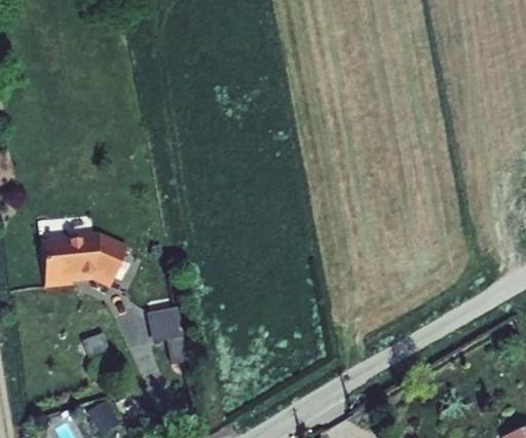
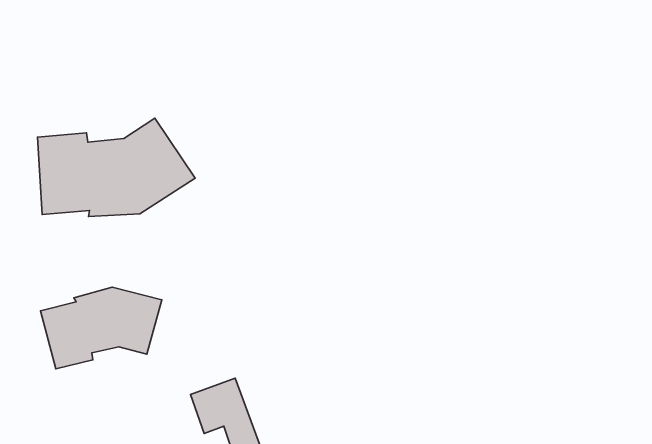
building: none -> [37,118,195,217]

